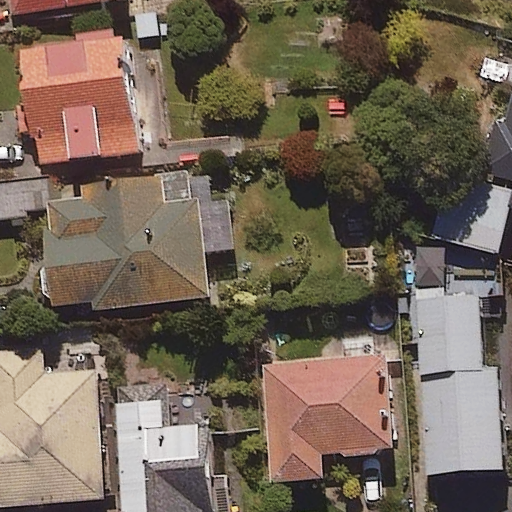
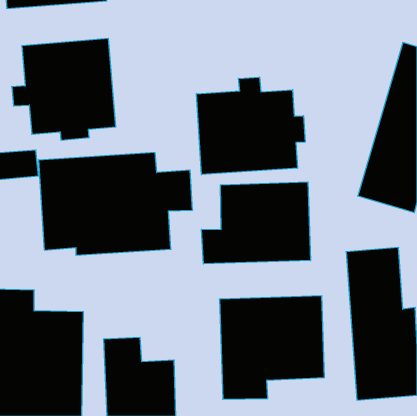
building: none -> [196,77,305,175]
building: none -> [202,182,310,264]

